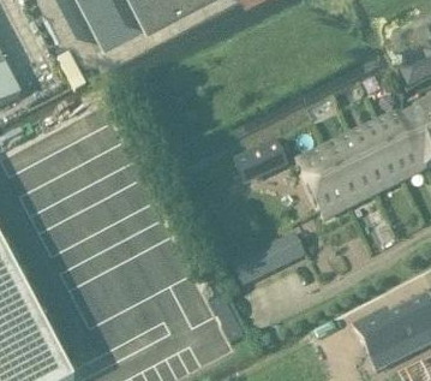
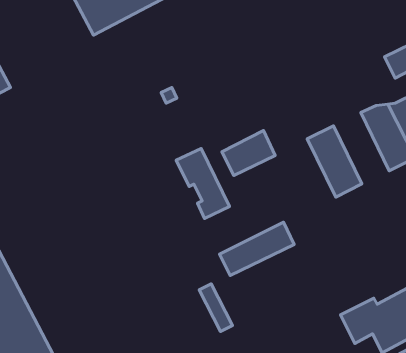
building: [345,124,401,196] -> none
building: [293,150,347,221] -> [176,148,230,219]

